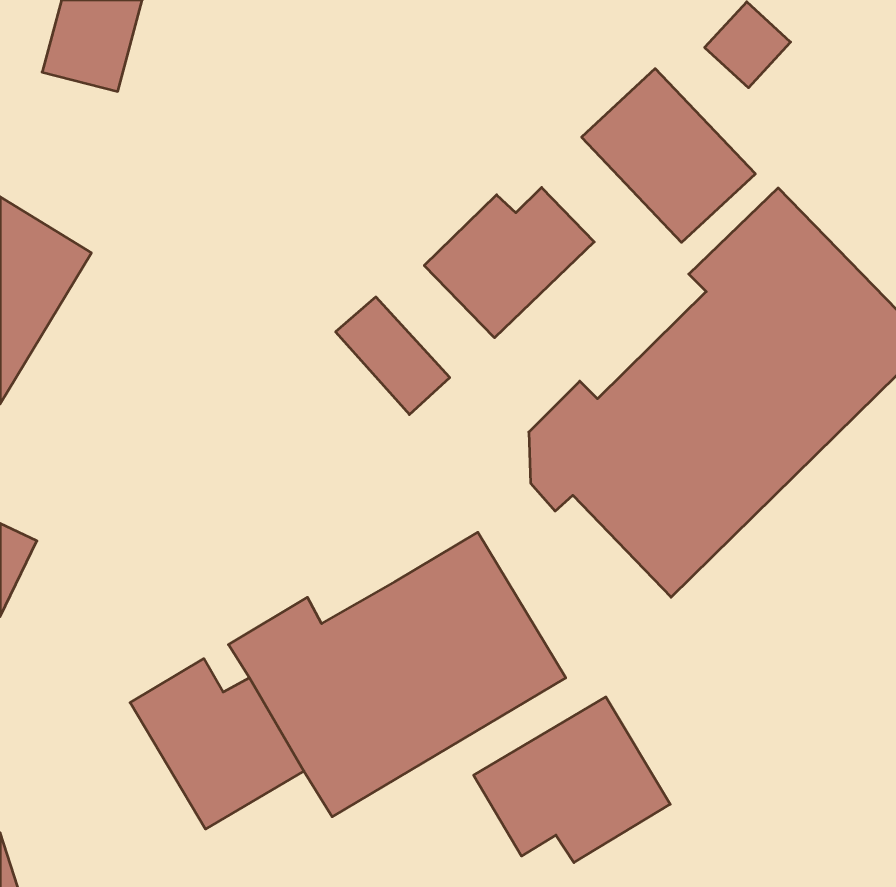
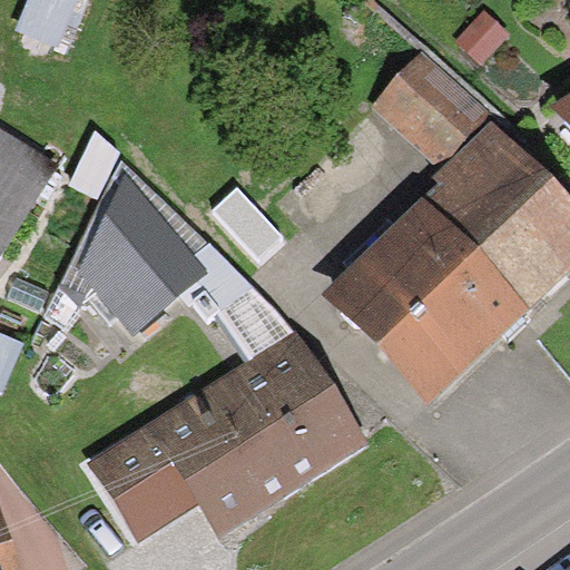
building: [424,187,594,338] -> none
building: none -> [86,175,304,375]
building: [474,697,670,863] -> none

